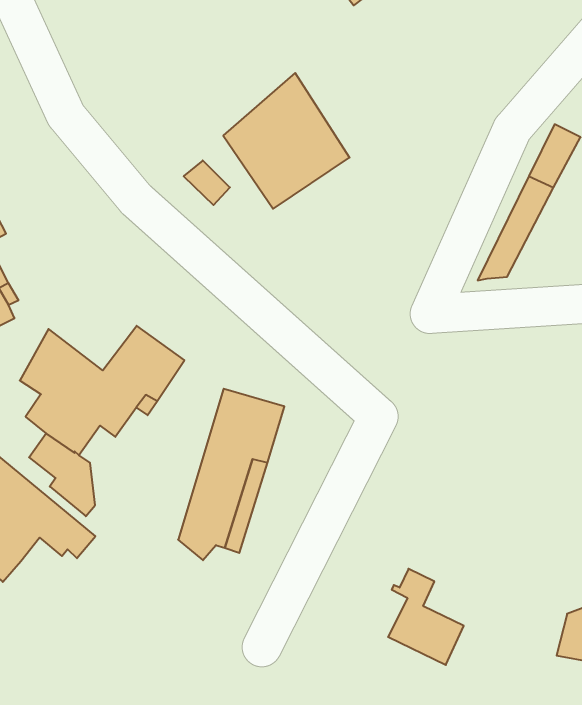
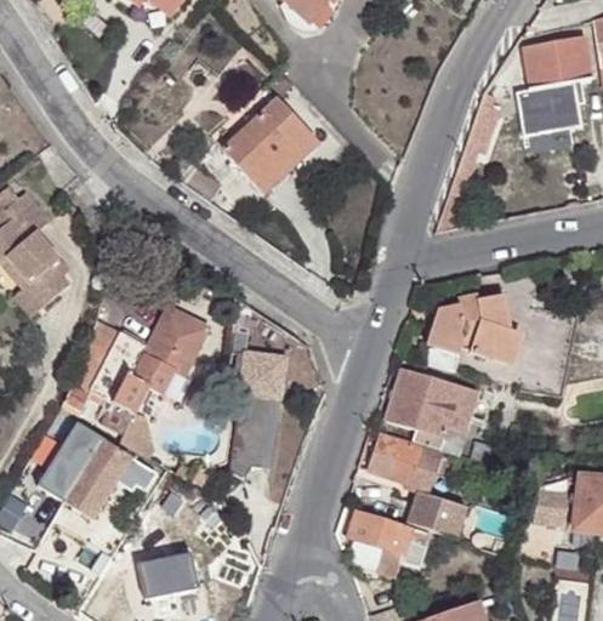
building: none -> [422,290,525,366]
building: none -> [386,366,482,458]
building: none -> [370,434,457,482]
building: none -> [347,508,425,568]
building: none -> [138,553,199,598]

